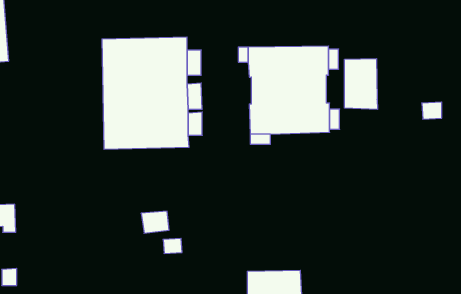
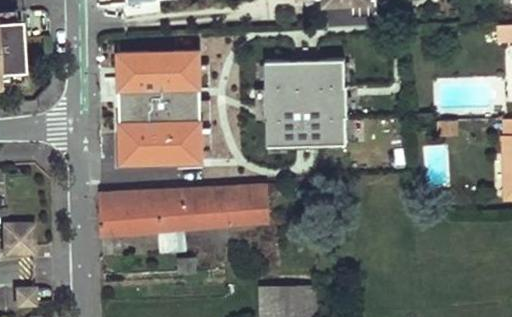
building: [345,59,377,109] -> none
building: none -> [99,184,275,232]

